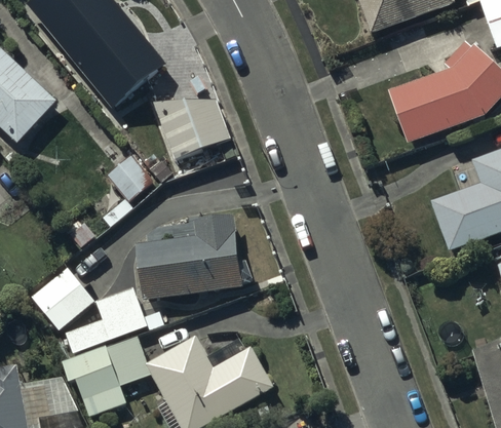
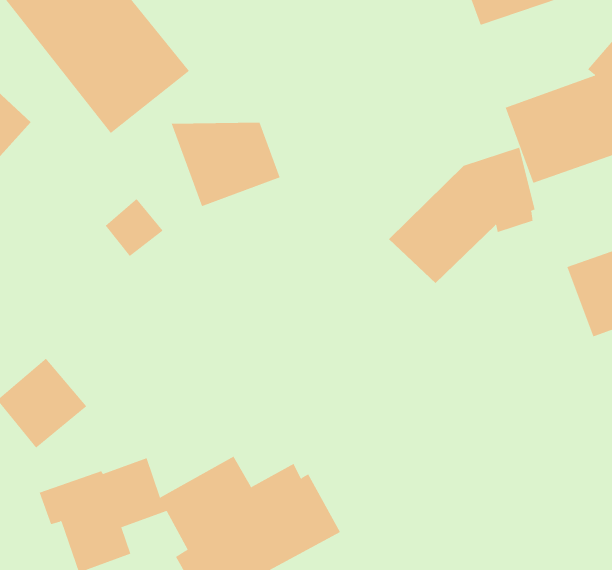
building: none -> [388,147,535,284]
building: [140,213,252,298] -> none
building: [65,286,149,352] -> none

